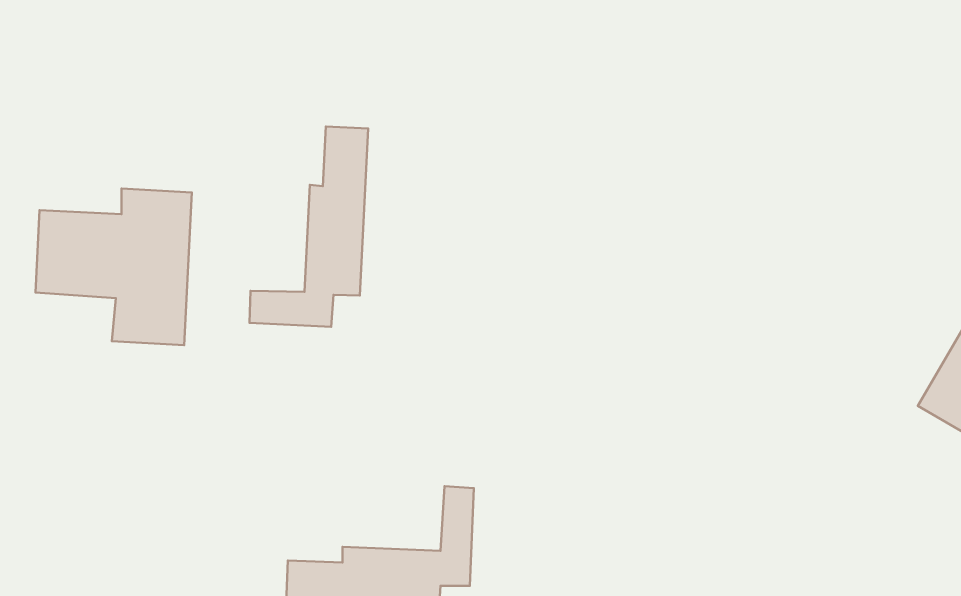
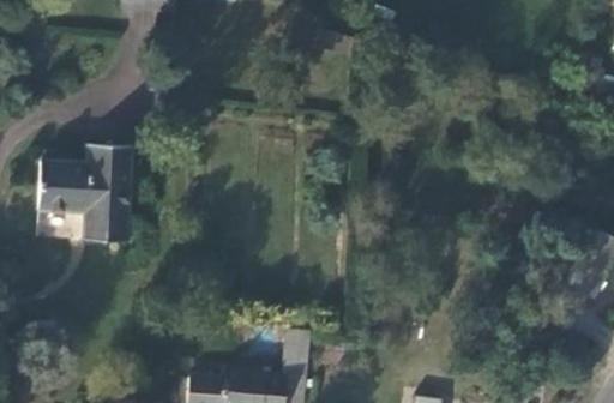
building: [249,126,368,327] -> none

